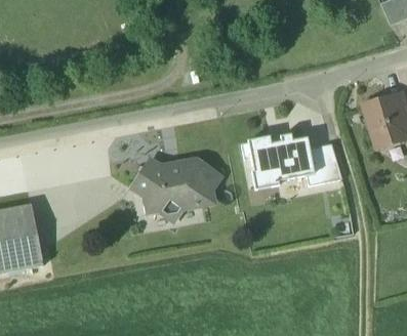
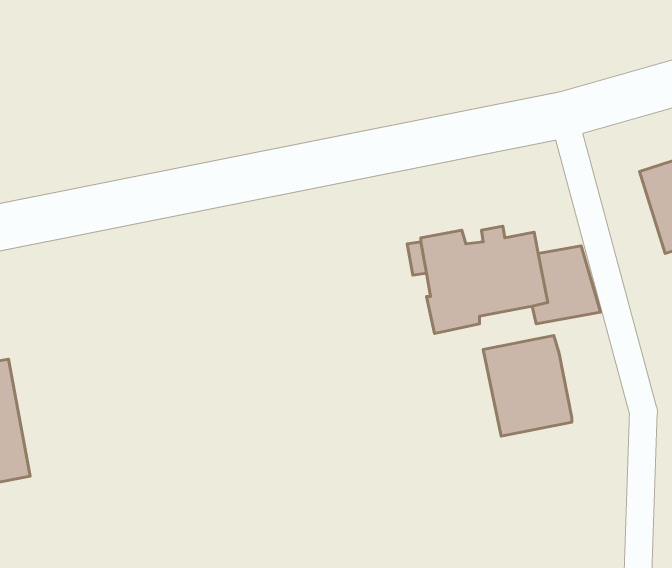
building: [131,159,218,219] -> none
building: none -> [483,336,572,436]

